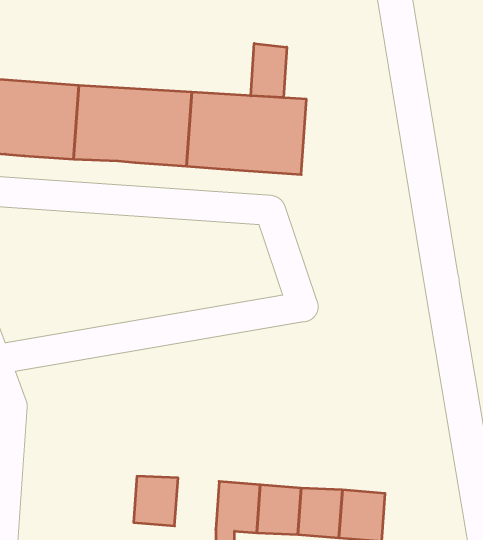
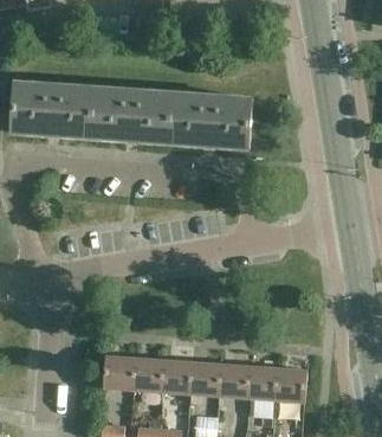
building: [251,43,287,98] -> none
building: none -> [103,355,135,390]
building: none -> [161,359,192,394]

